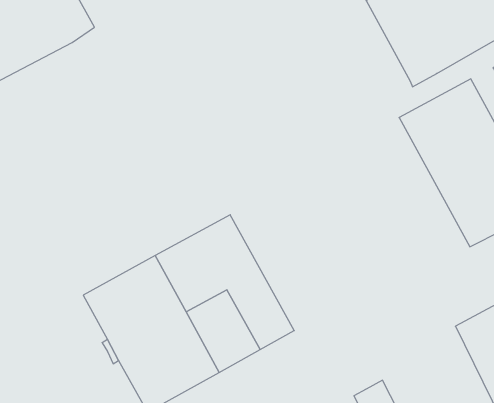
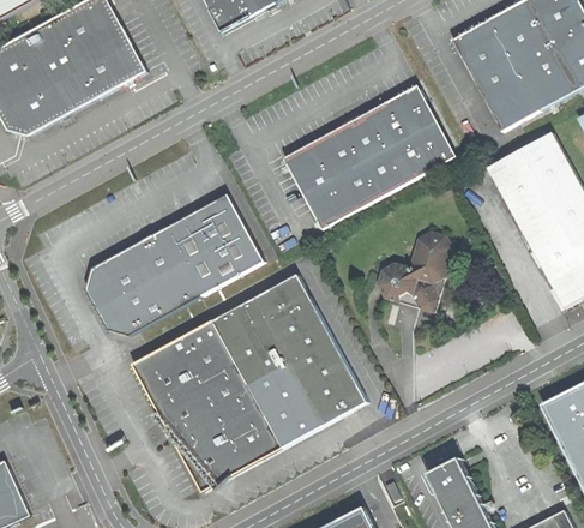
building: none -> [283,83,456,228]
building: none -> [83,194,264,337]
building: none -> [379,226,453,307]

